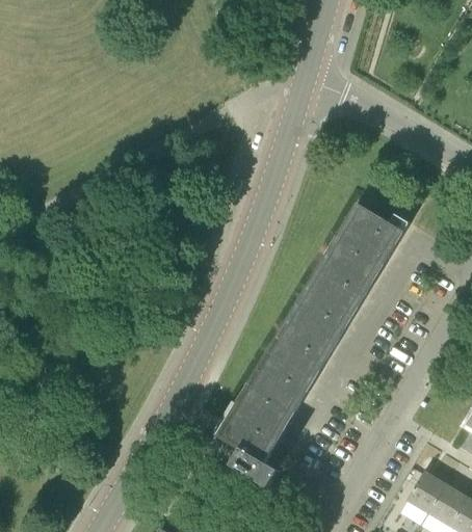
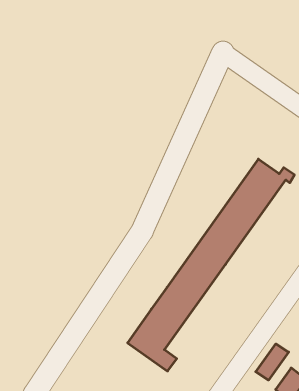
building: none -> [256,344,289,380]

